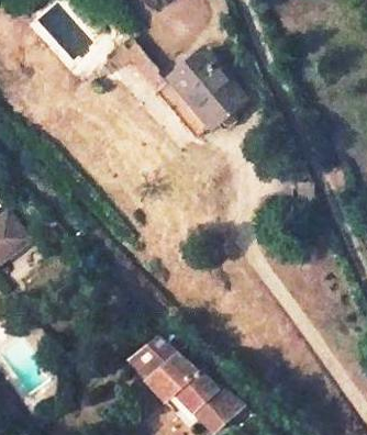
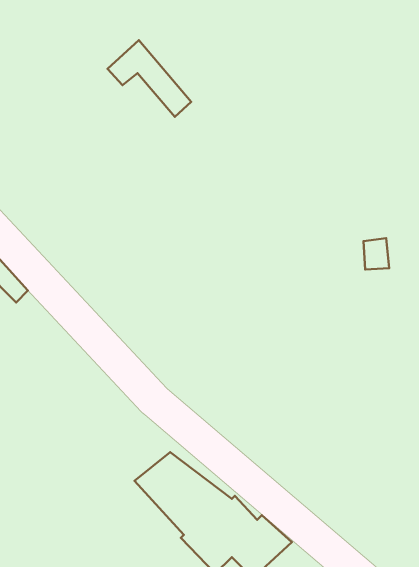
building: [171,51,238,129] -> none

